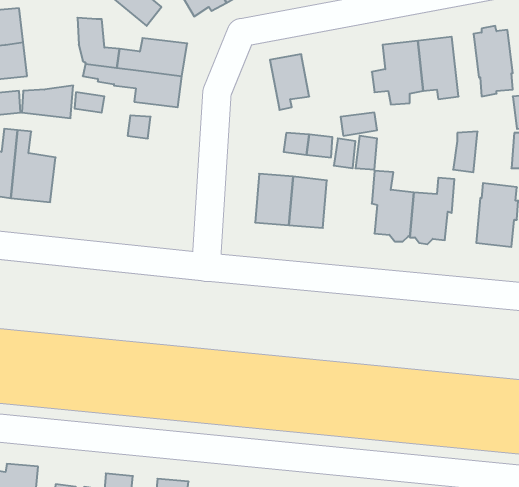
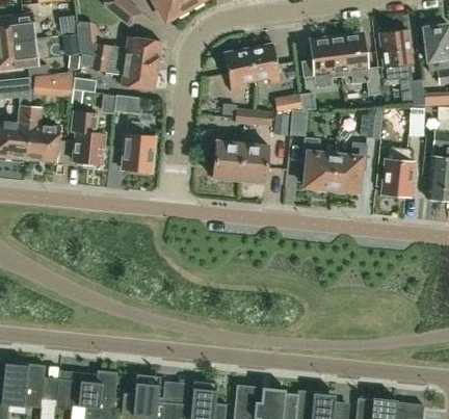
building: none -> [247,43,279,83]
building: none -> [71,109,104,165]
building: none -> [122,121,153,171]

